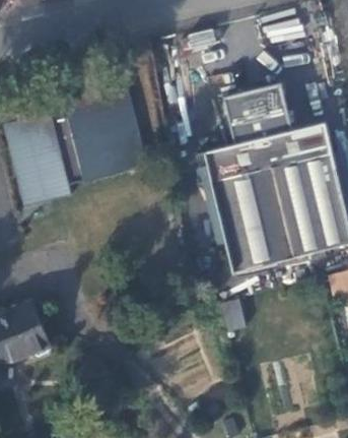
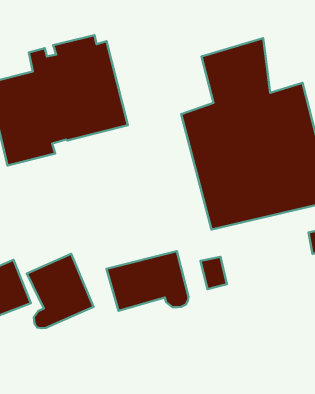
building: none -> [107,251,189,311]
building: none -> [27,254,94,328]

